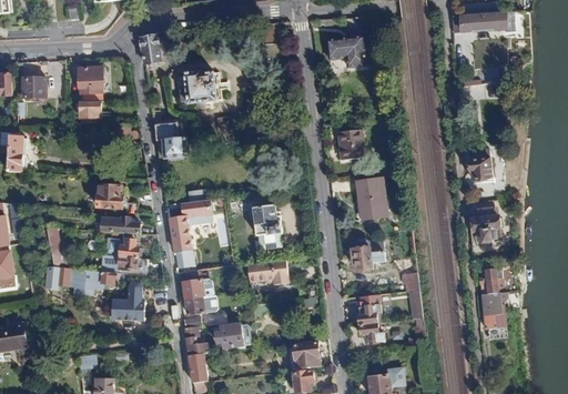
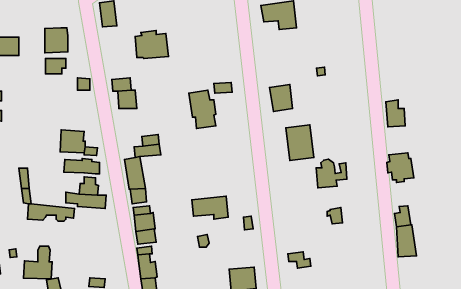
building: [251,205,282,250] -> [189,90,216,129]
building: [349,238,385,271] -> [316,159,347,188]
building: [111,283,144,321] -> [23,246,52,279]
building: [356,296,379,326] -> none
building: [213,324,250,350] -> none

